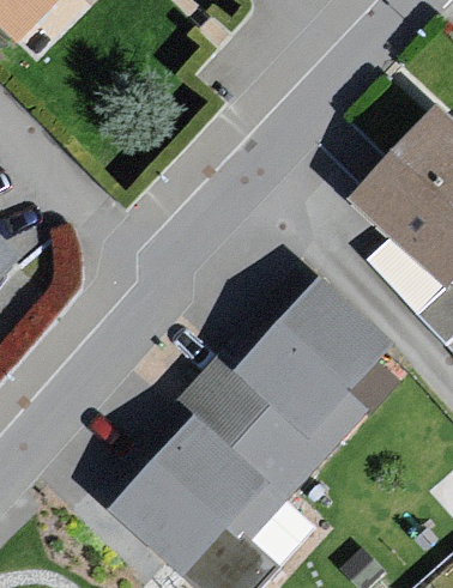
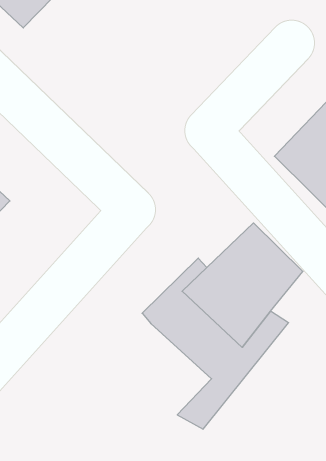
building: [108,408,270,572] -> none

